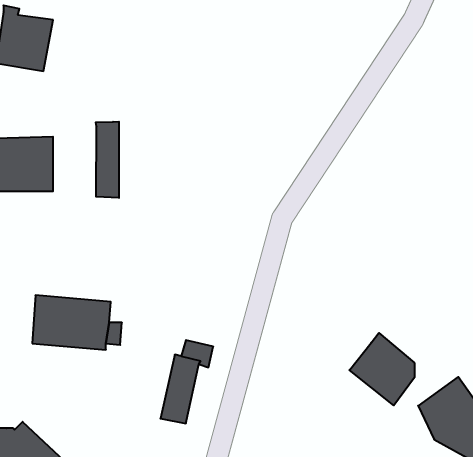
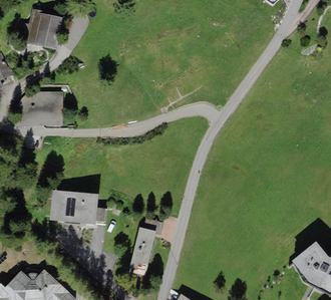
building: [96,122,119,198] -> none
building: [349,333,415,405] -> none

